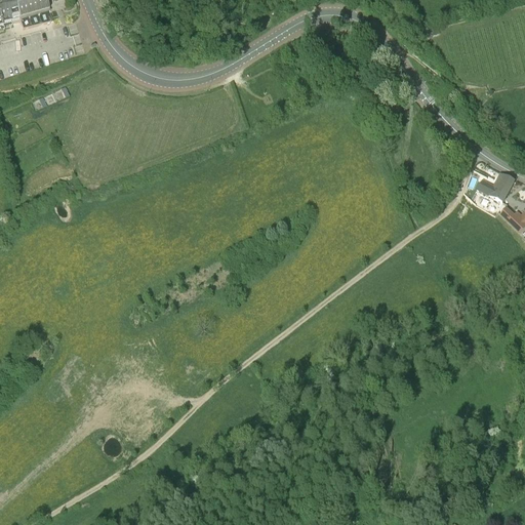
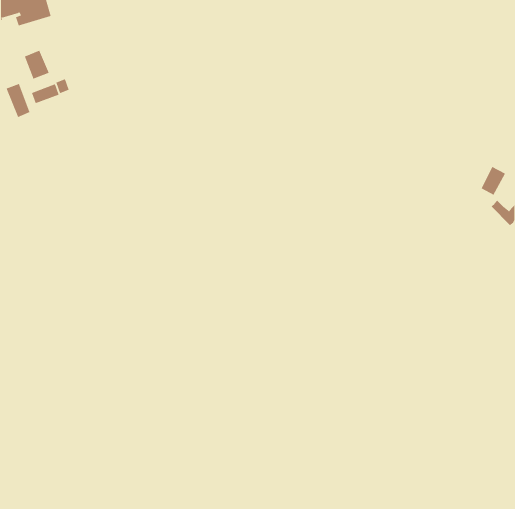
building: none -> [24,50,50,79]
building: none -> [6,83,30,118]

